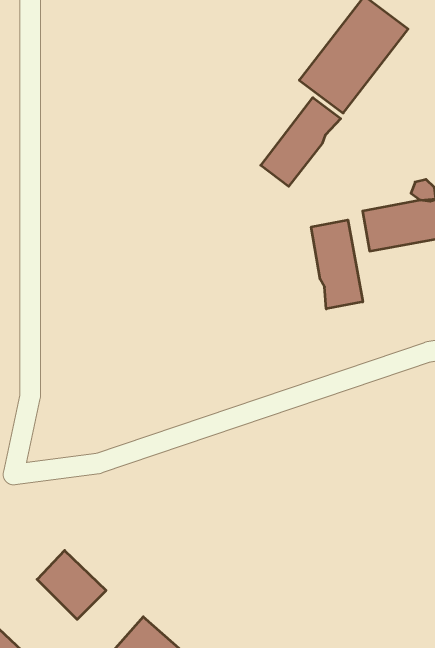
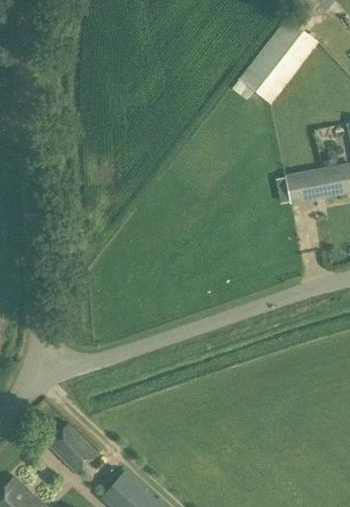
building: [261,98,341,186] -> none
building: [311,220,363,309] -> none

